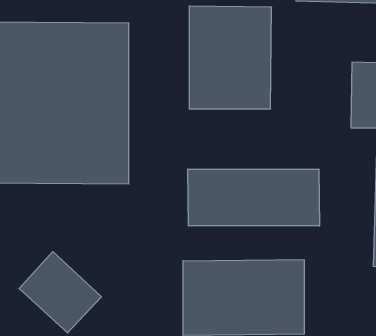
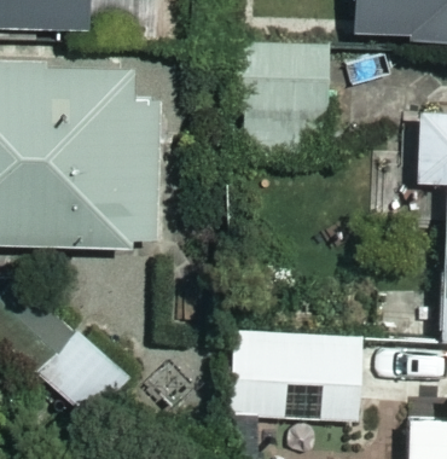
building: [188,169,319,226] -> none

